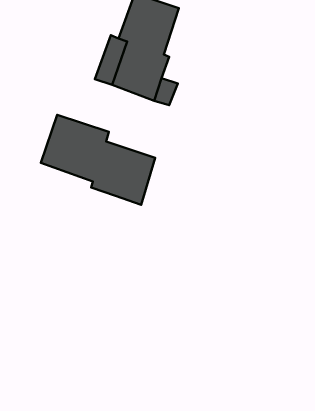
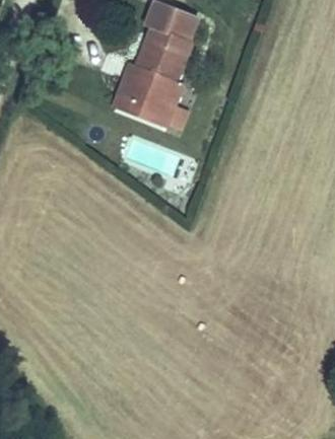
building: [41,115,155,205] -> none

